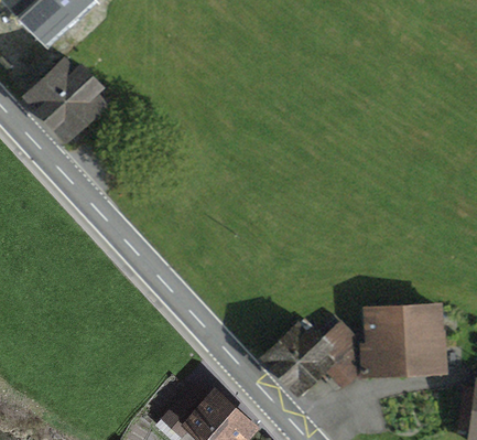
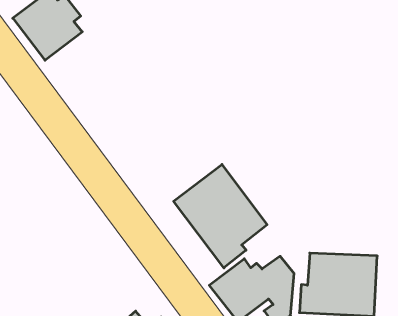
building: none -> [174,164,267,268]

